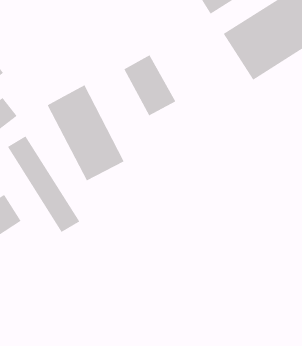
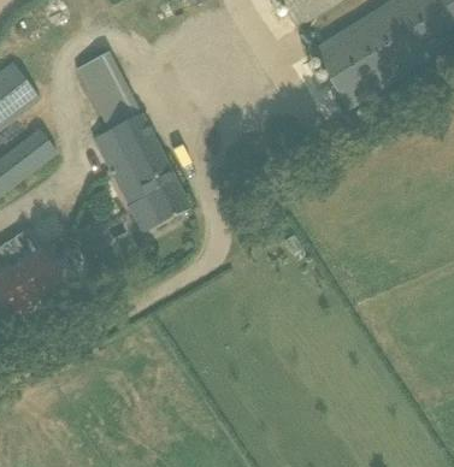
building: [124,55,176,116] -> [77,47,142,123]
building: [7,135,80,233] -> none

